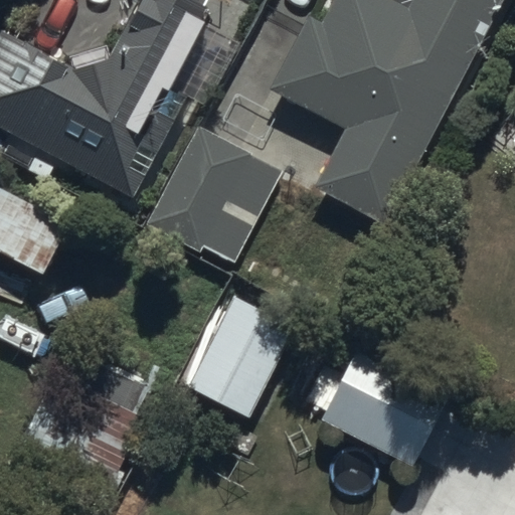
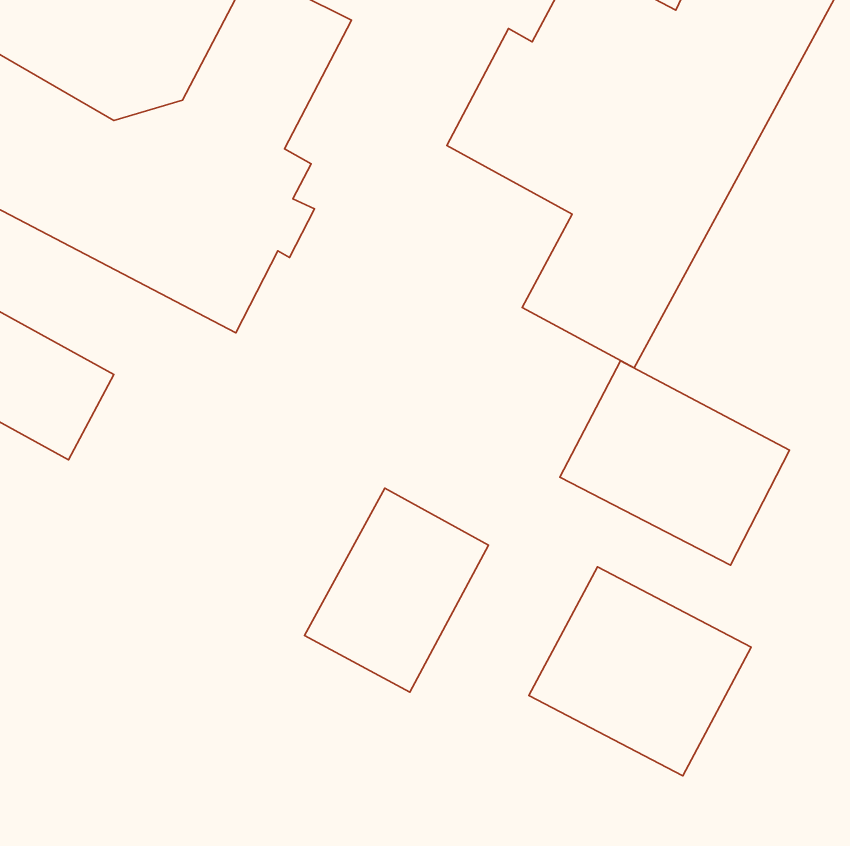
building: [145,125,281,268] -> none
building: none -> [560,361,790,565]

